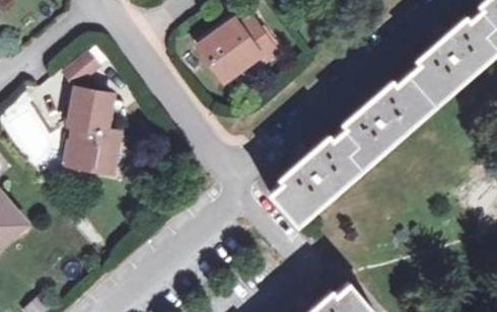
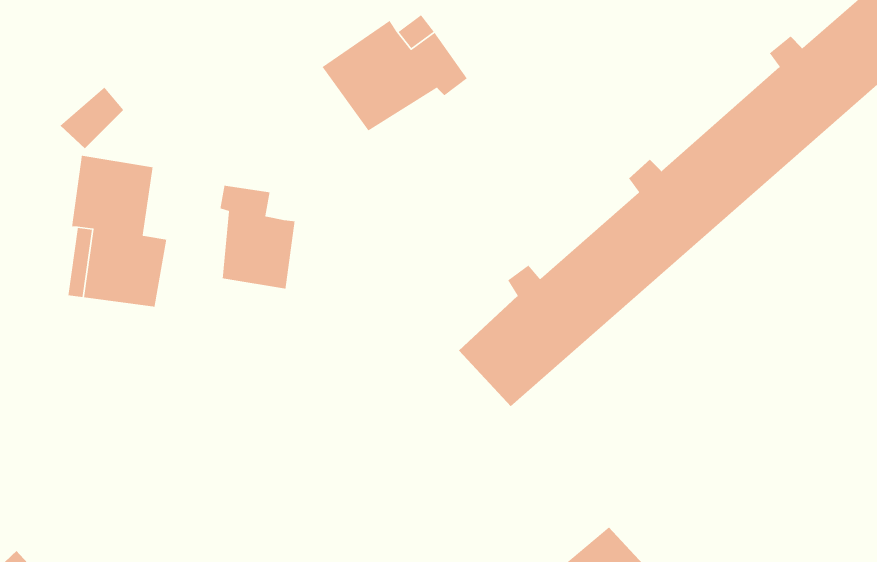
building: none -> [220,185,296,289]

